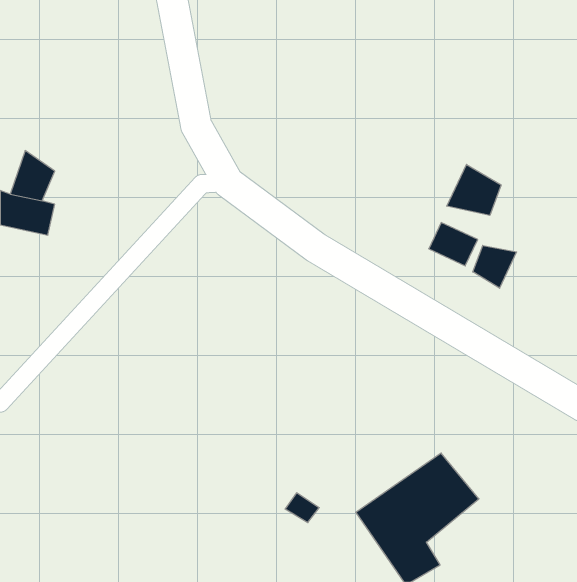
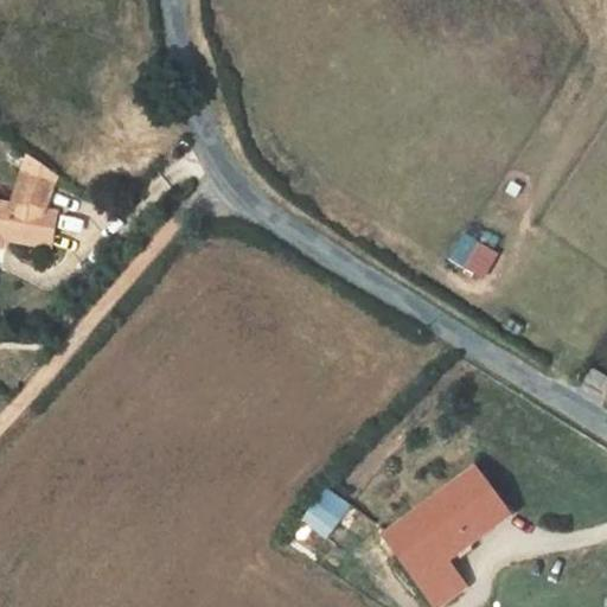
building: [447,164,501,215] -> none
building: [473,245,517,288] -> none

